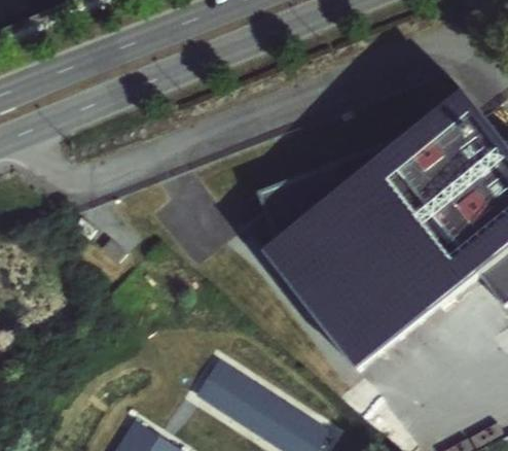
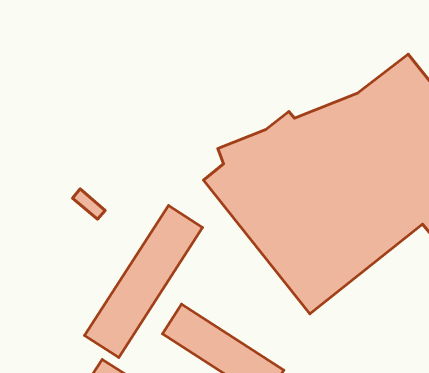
building: none -> [84,206,203,357]

